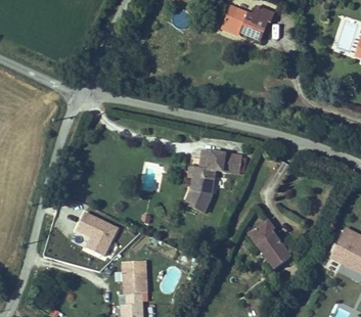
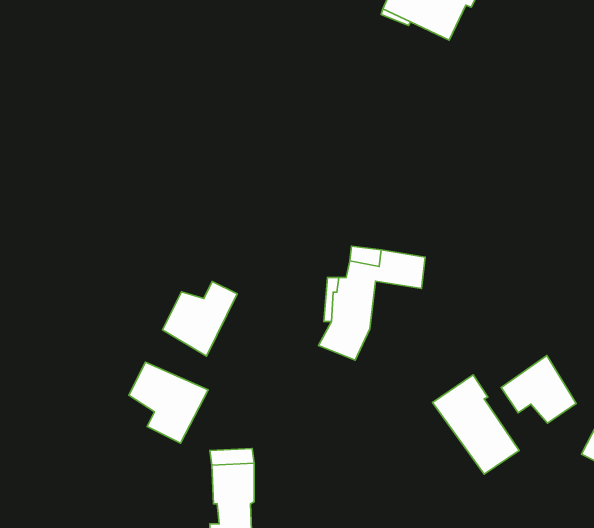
building: none -> [162,282,237,356]
building: none -> [501,355,576,423]

